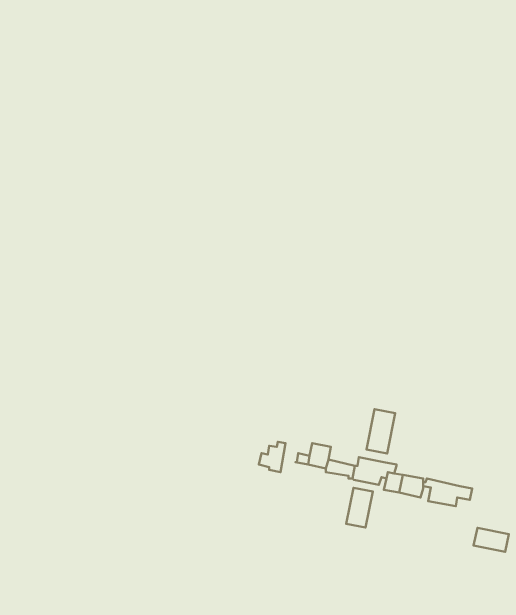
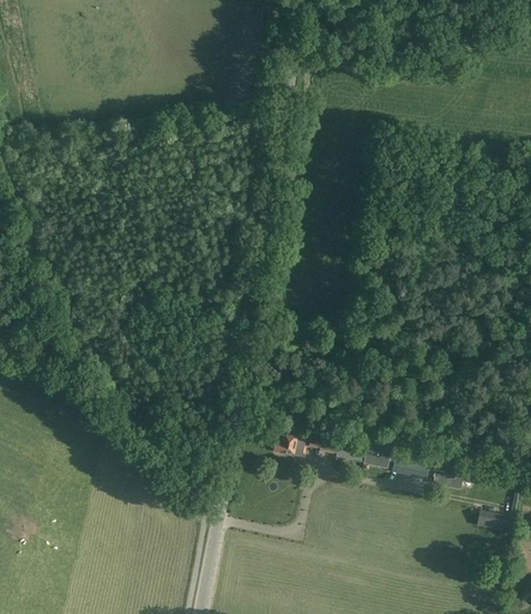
building: [366,409,395,453] -> none
building: [346,488,373,527] -> none

